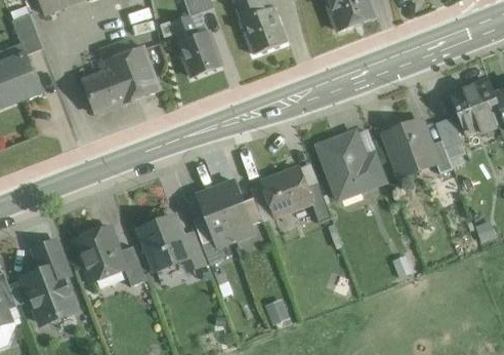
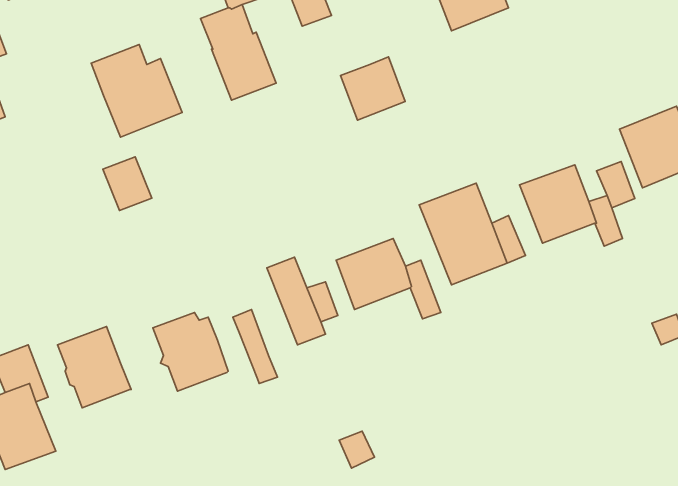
building: [239,14,282,56] -> [341,57,405,120]
building: [85,73,118,109] -> [103,157,152,211]
building: [197,188,236,246] -> none
building: [182,231,209,268] -> none
building: [118,245,146,285] -> none

